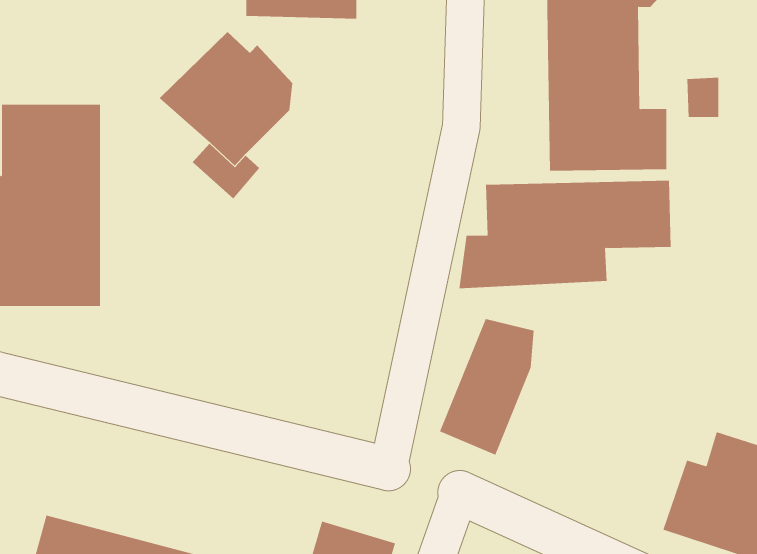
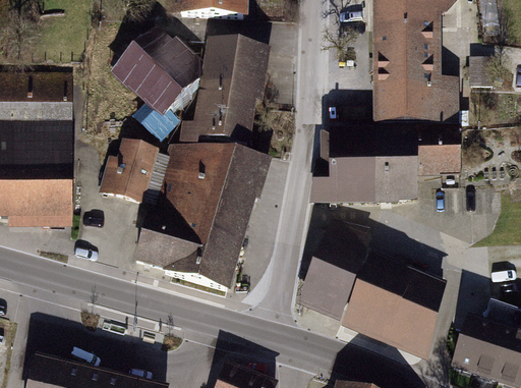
building: none -> [179,40,270,146]
building: none -> [101,141,157,203]
building: none -> [136,148,267,287]
building: none -> [348,261,442,350]

